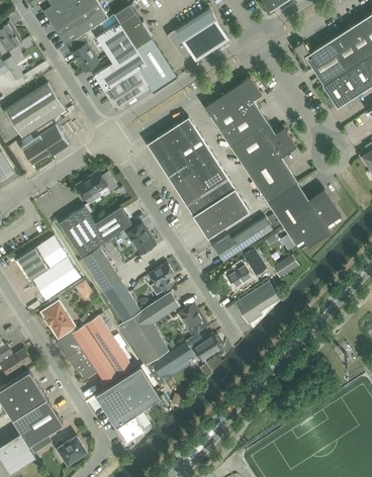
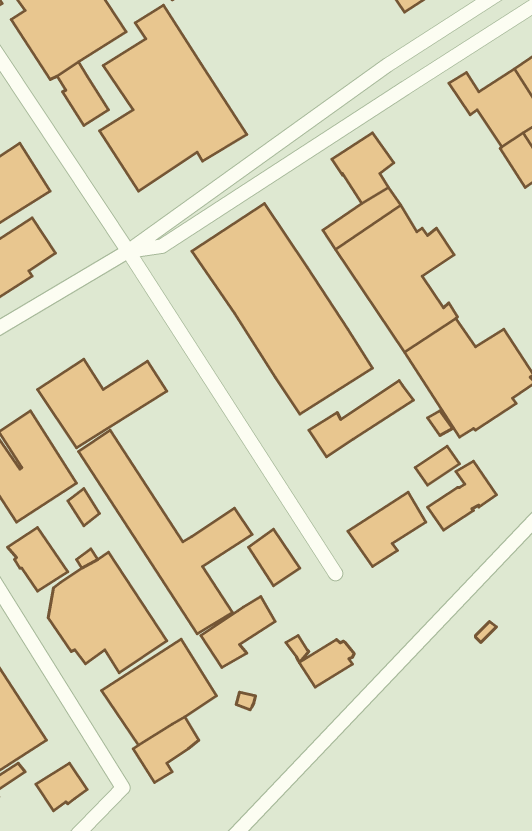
building: [168,8,229,62] -> none
building: [204,92,244,132] -> none
building: [76,172,117,205] -> none
building: [127,224,156,256] -> none
building: [226,250,266,289] -> [427,461,497,530]
building: [150,263,176,296] -> none
building: [192,335,223,362] -> [299,639,354,687]

